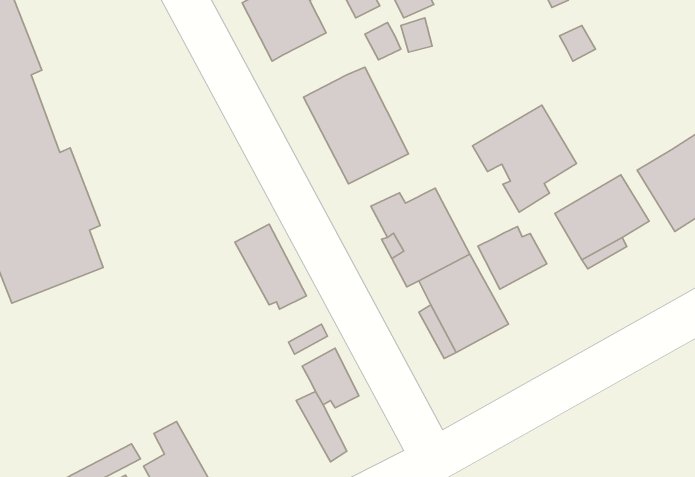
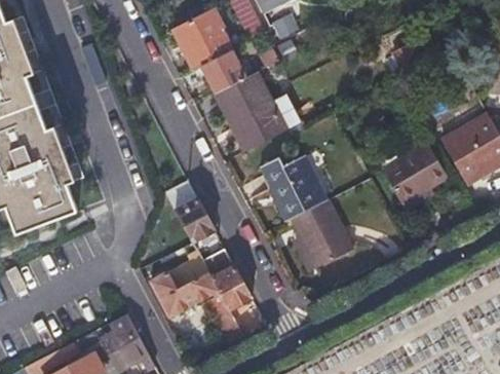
building: none -> [199,47,243,91]
building: [473,105,577,212] -> none
building: [478,227,547,289] -> none
building: none -> [150,269,219,314]

